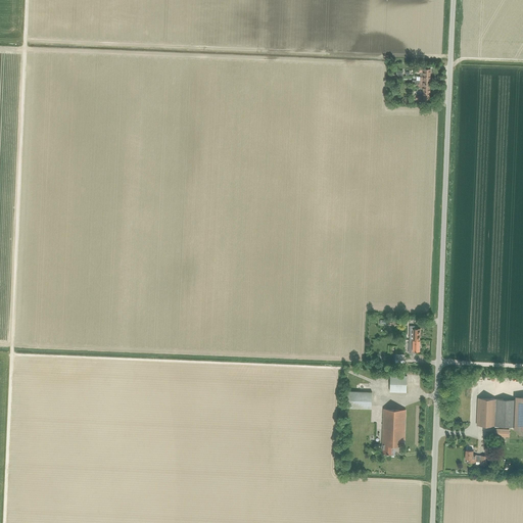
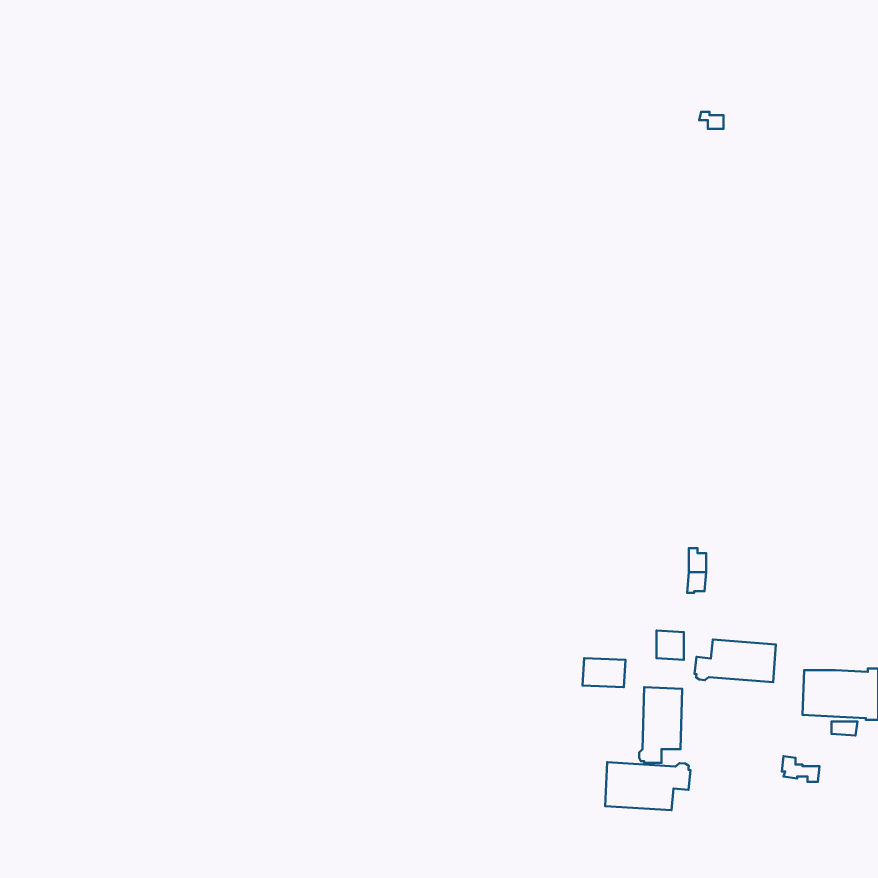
building: none -> [695,640,776,682]
building: none -> [605,762,690,810]

